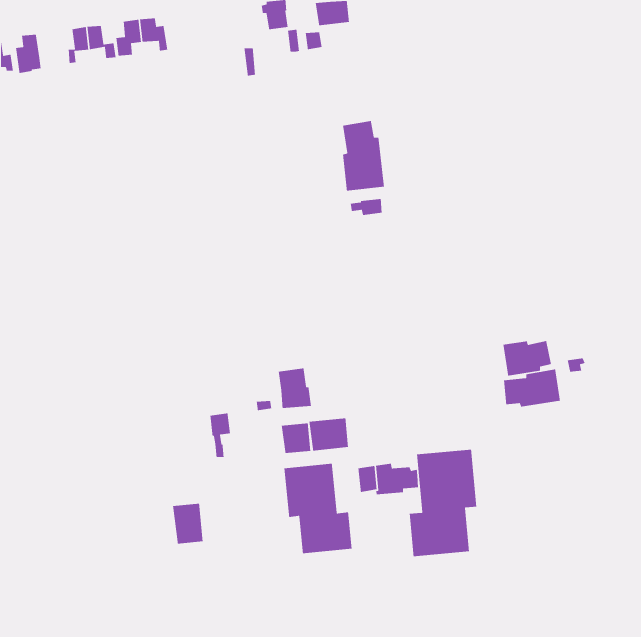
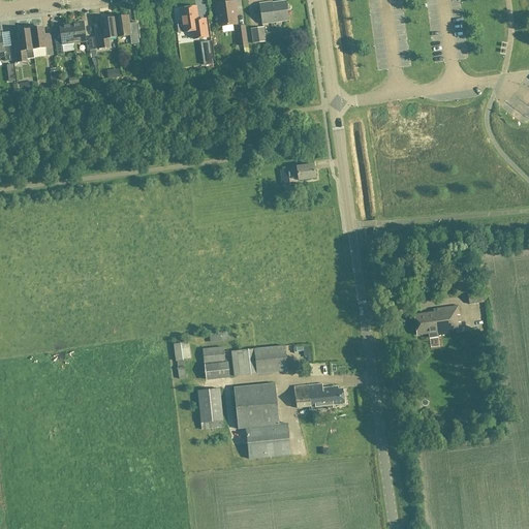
building: none -> [178,5,208,37]
building: none -> [30,26,54,54]
building: [342,120,385,192] -> none
building: [502,340,552,376] -> none
building: [278,368,312,409] -> [201,344,229,378]
building: [409,449,477,557] -> none
building: [172,503,204,544] -> [196,386,222,421]

